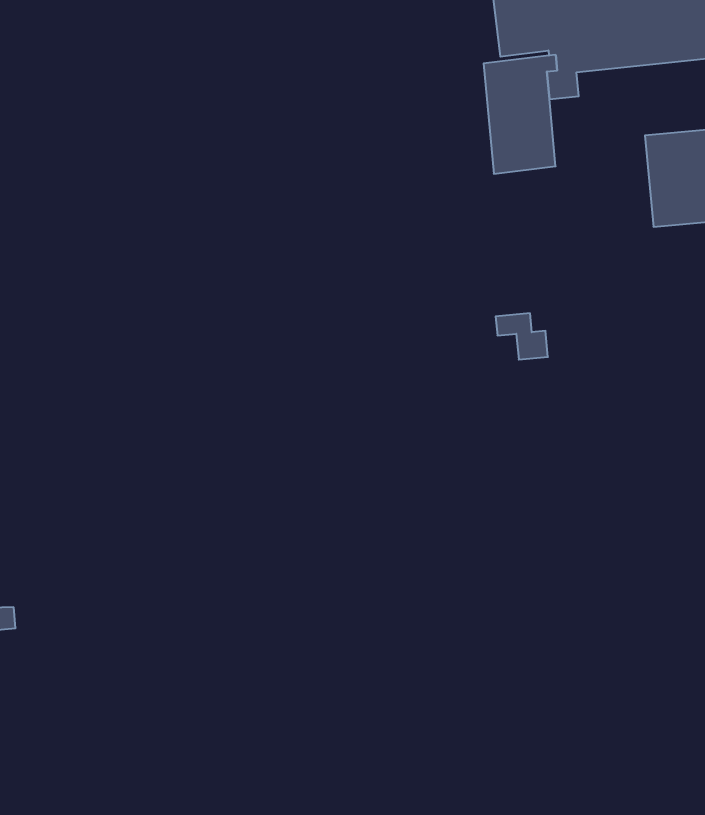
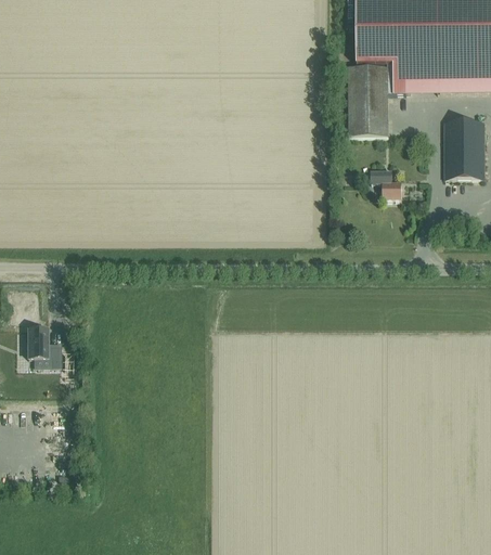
building: [496,313,548,360] -> [371,171,401,199]
building: none -> [28,328,60,366]

